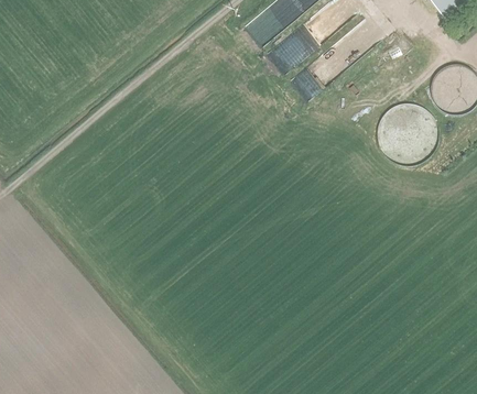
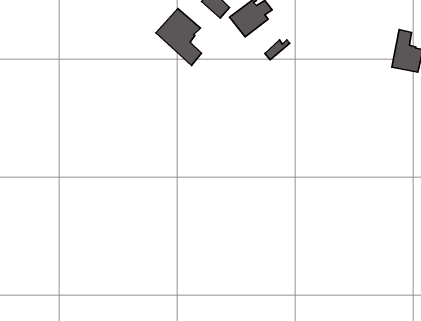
building: none -> [156,9,202,66]

